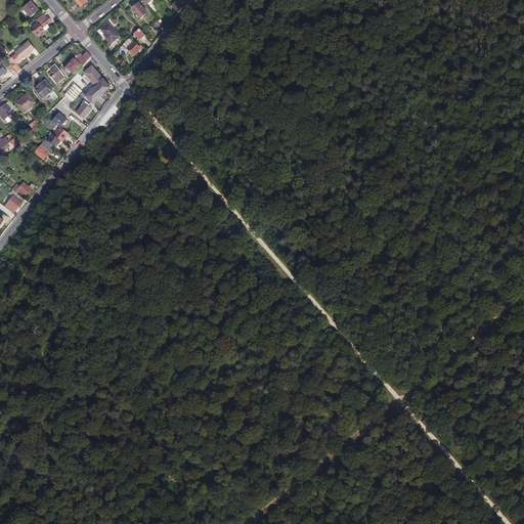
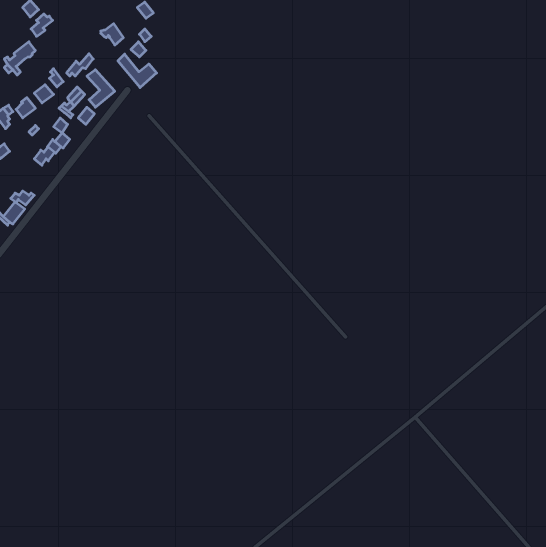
building: none -> [118,54,157,88]

